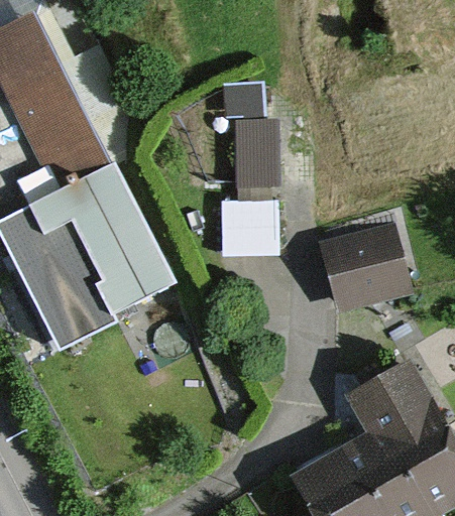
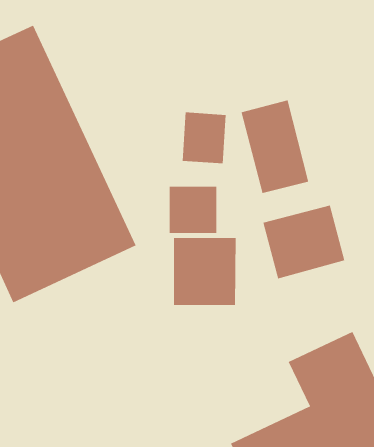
building: none -> [241,100,309,194]
building: none -> [173,237,236,306]

